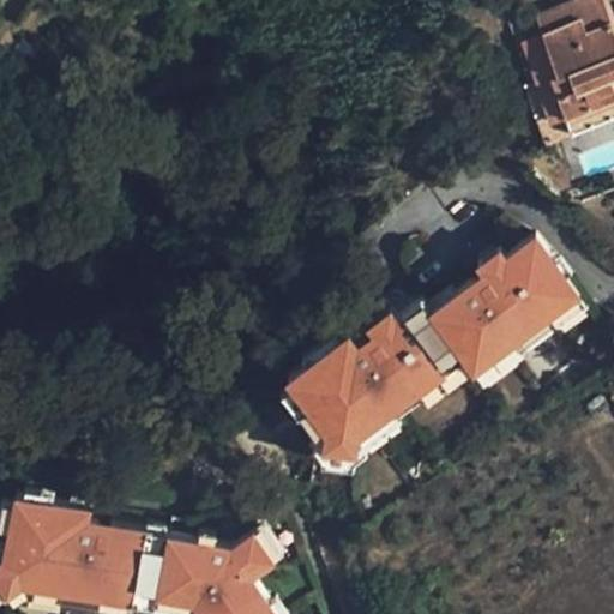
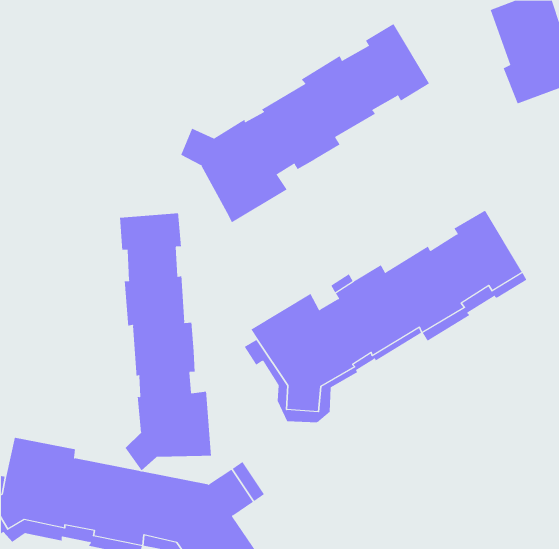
building: none -> [180,23,430,223]
building: none -> [120,213,211,471]

